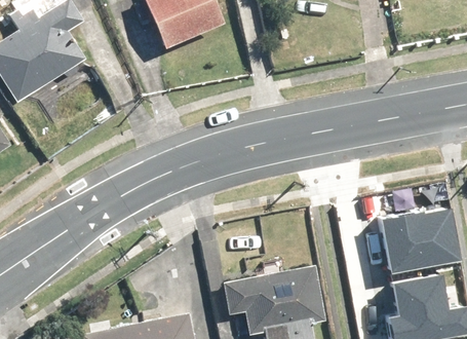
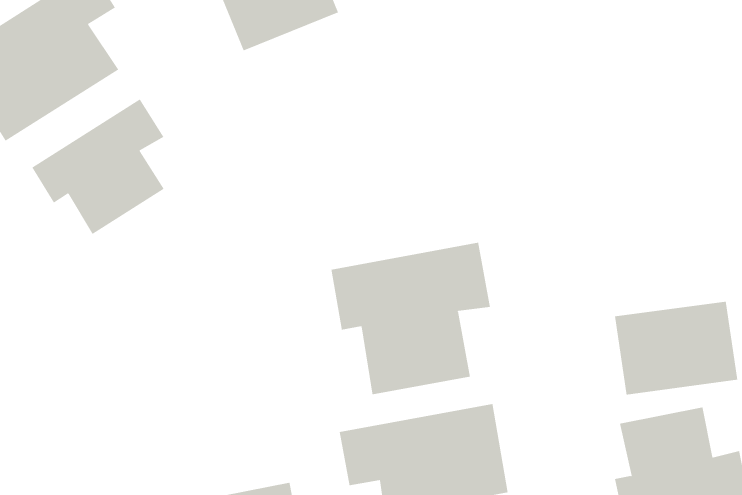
building: none -> [32,99,165,235]
building: none -> [331,242,490,395]

